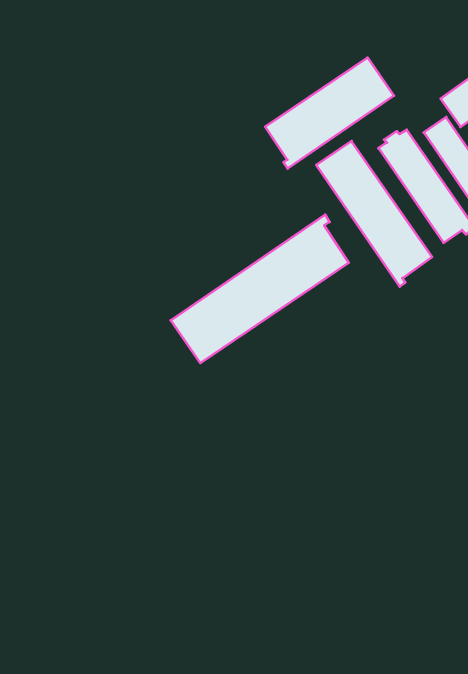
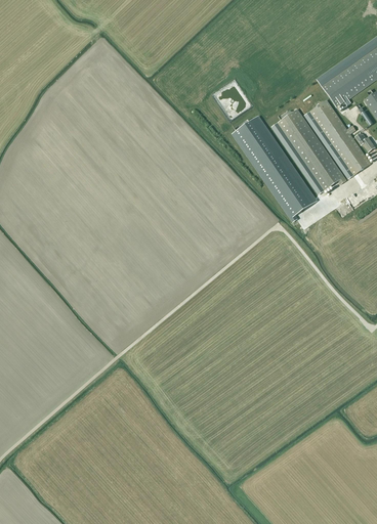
building: [265,58,394,169] -> none
building: [171,215,349,363] -> none

